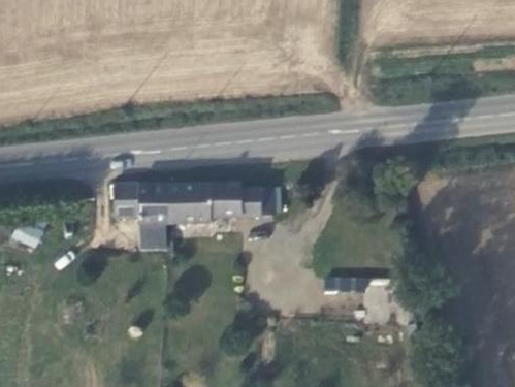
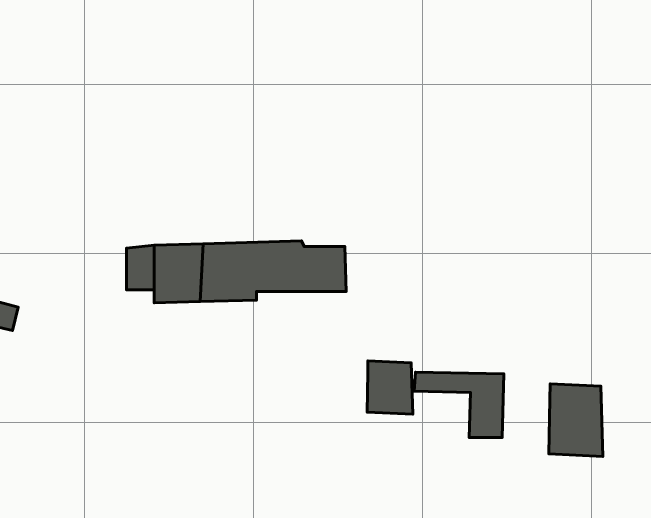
building: none -> [367,361,413,414]
building: none -> [549,384,603,456]

